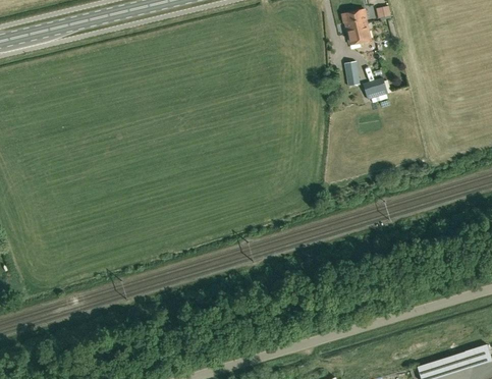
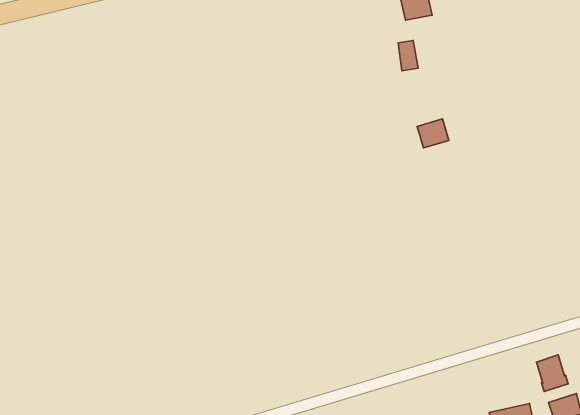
building: [363,77,388,101] -> [417,119,449,148]
building: none -> [537,355,568,391]

